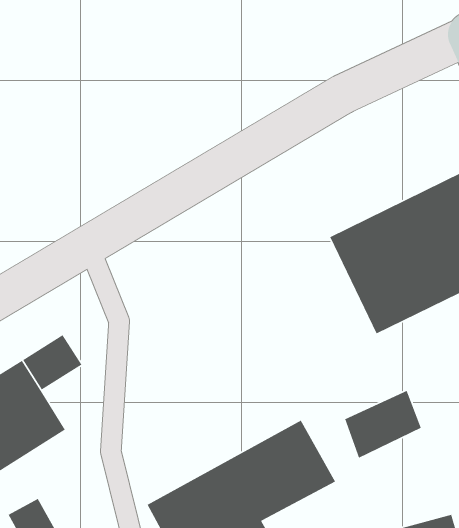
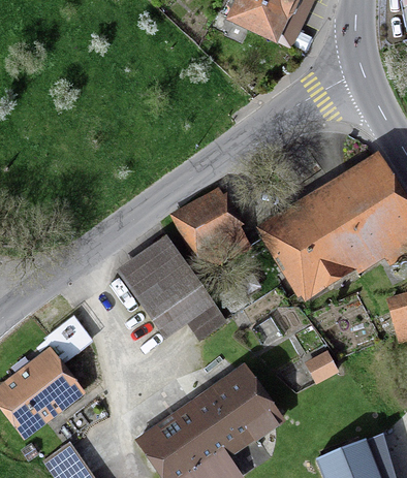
building: none -> [170,197,240,267]
building: none -> [121,241,223,336]

